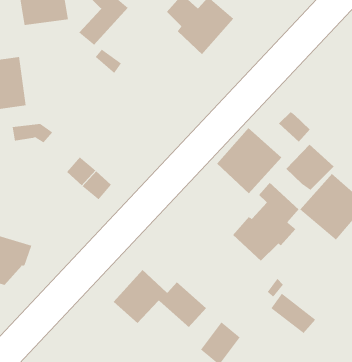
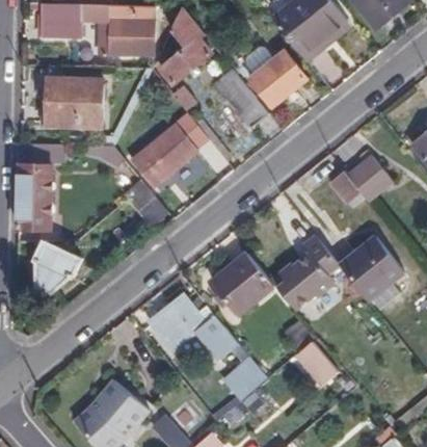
building: none -> [215,69,267,126]
building: none -> [132,113,208,185]
building: [216,127,282,194] -> [212,254,274,316]
building: [286,144,335,191] -> [347,156,393,200]

